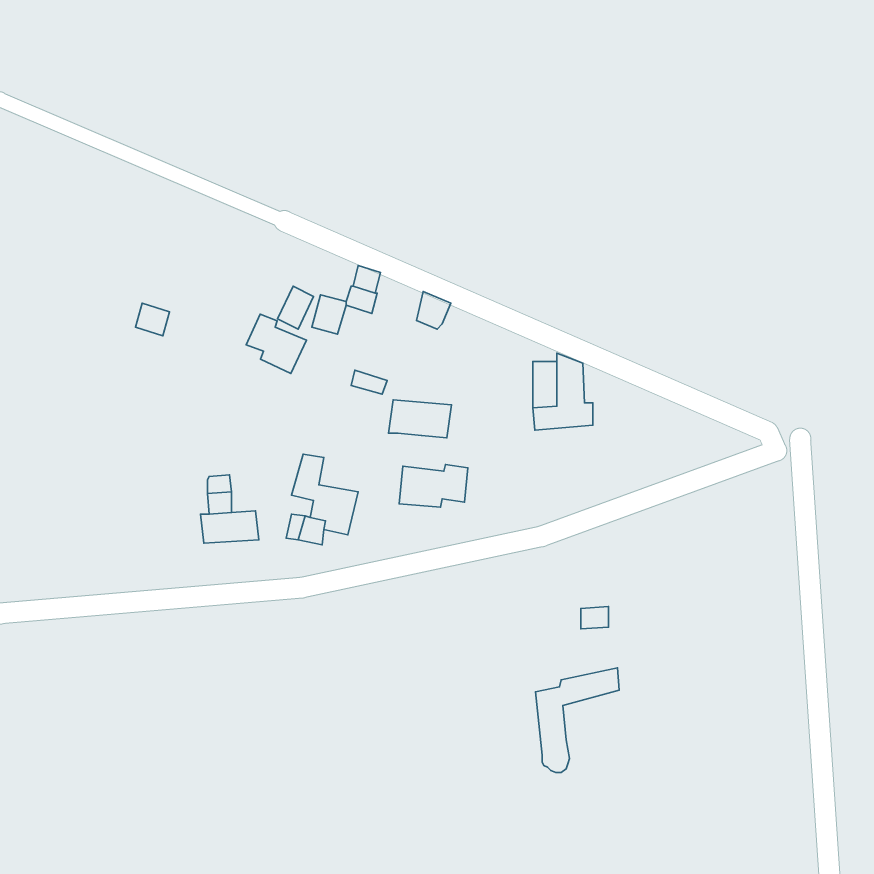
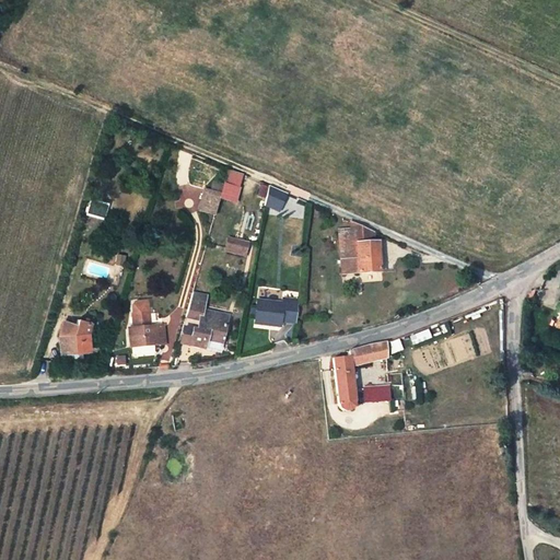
building: [246,314,306,374] -> none
building: [389,400,451,438] -> none
building: none -> [60,319,92,352]
building: [535,668,619,772] -> [334,342,387,409]

